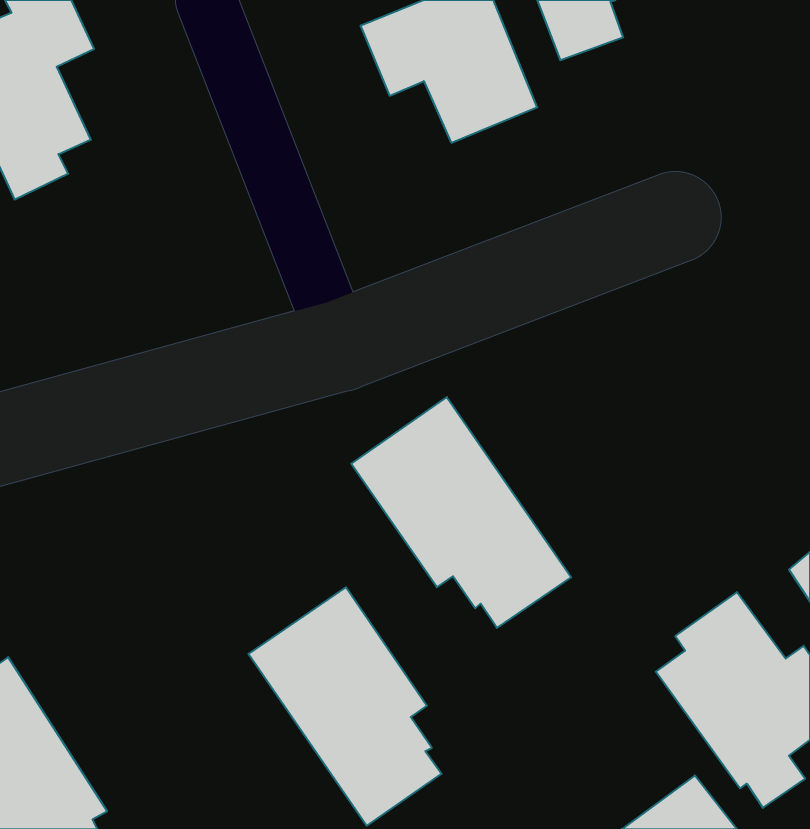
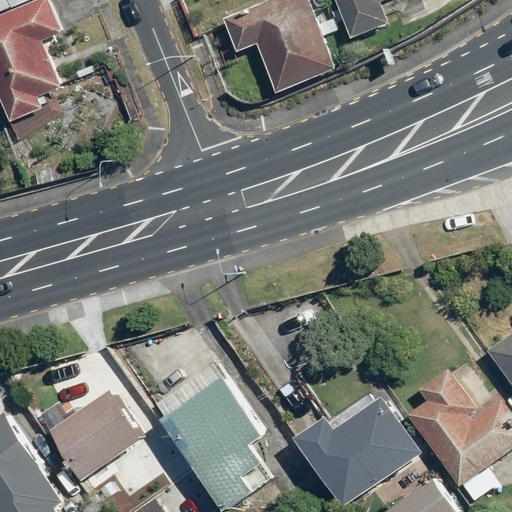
building: [351,397,571,628] -> none
building: none -> [49,389,142,481]
building: none -> [298,395,421,507]

